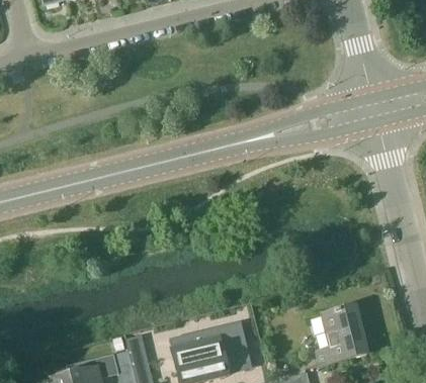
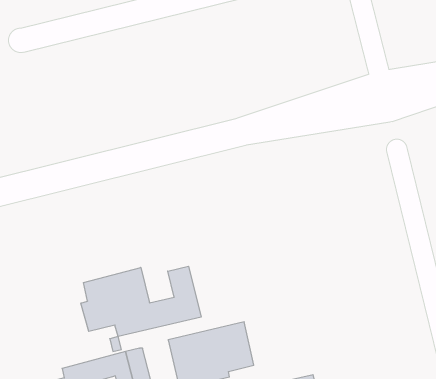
building: none -> [81,266,201,337]
building: [316,305,366,364] -> none

